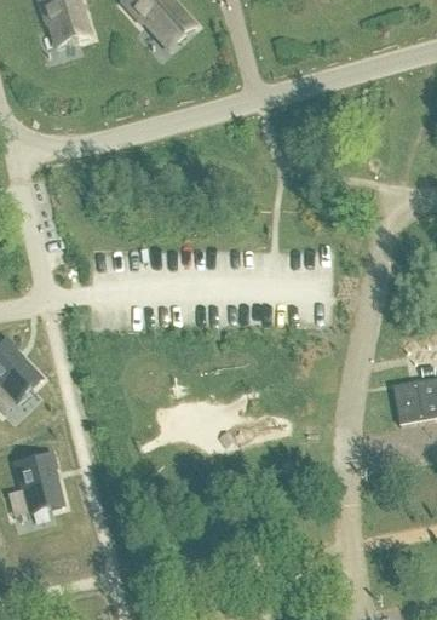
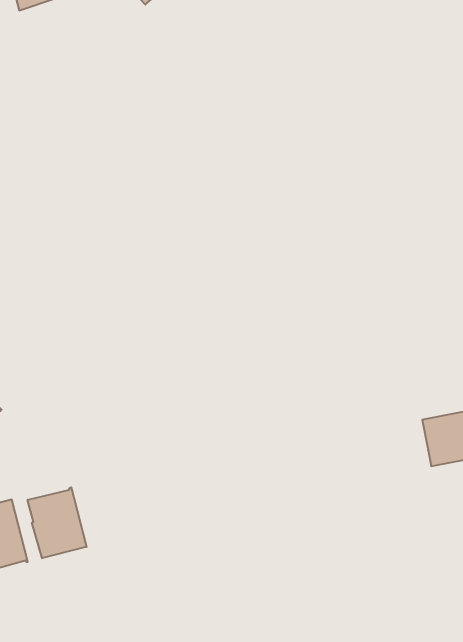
building: none -> [28,487,87,558]

